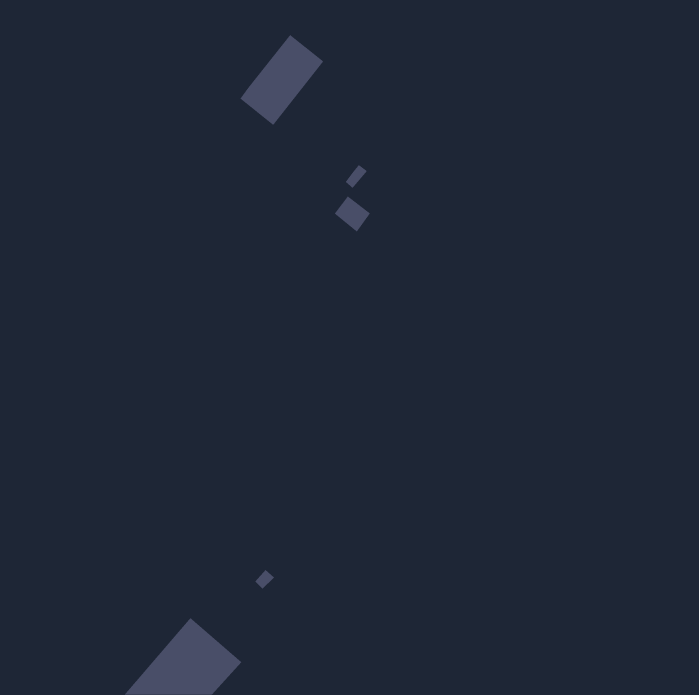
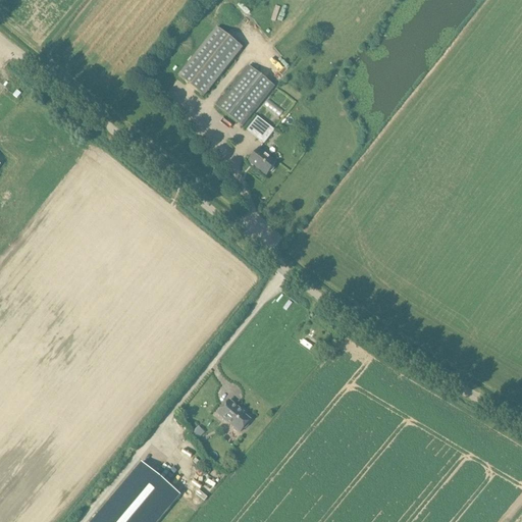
building: none -> [216,63,274,124]
building: none -> [218,398,251,430]

